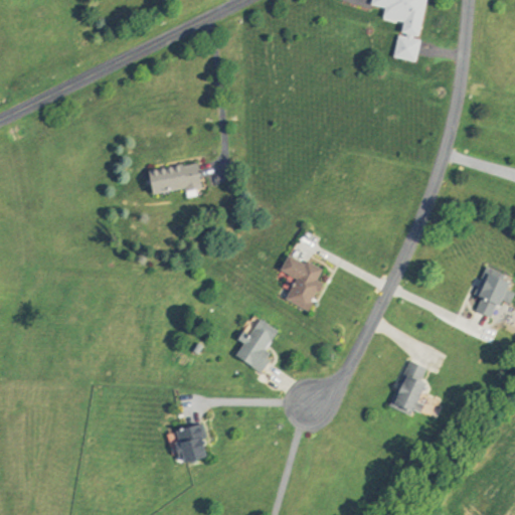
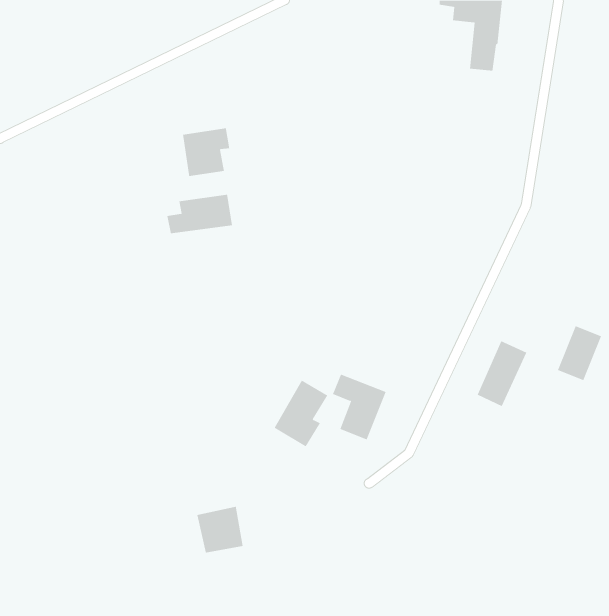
building: none -> [183,127,230,177]
building: [280,253,325,309] -> [332,374,386,440]
building: [389,359,432,414] -> [477,340,527,407]

